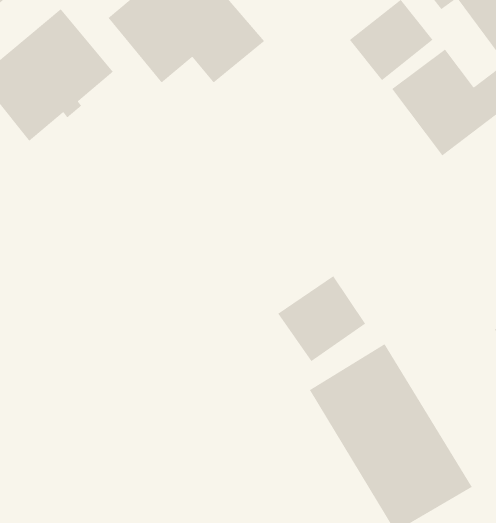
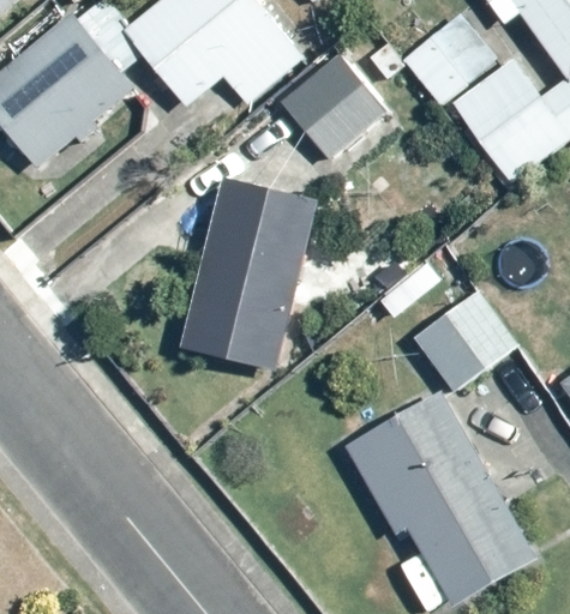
building: none -> [278,49,384,155]
building: none -> [178,174,319,372]
building: [277,275,366,362] -> [410,288,511,386]

